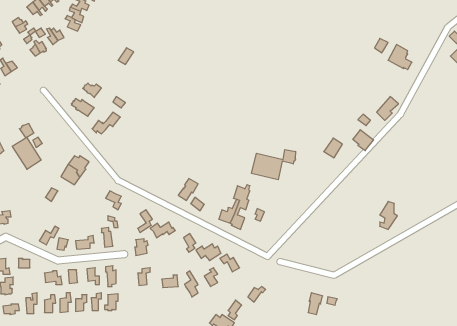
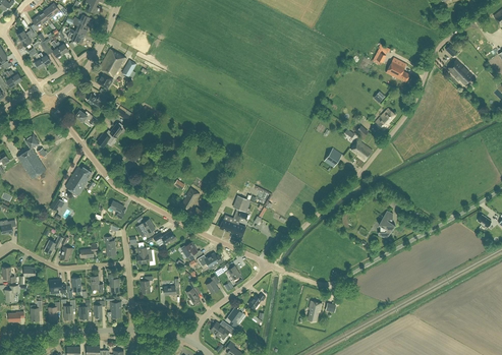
building: none -> [98,49,126,87]
building: [252,150,296,180] -> none

